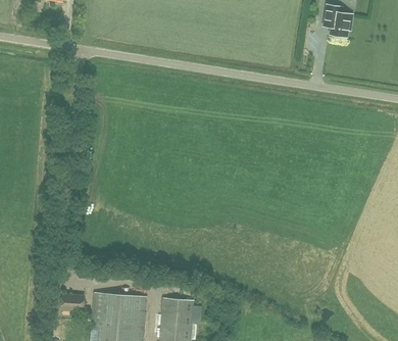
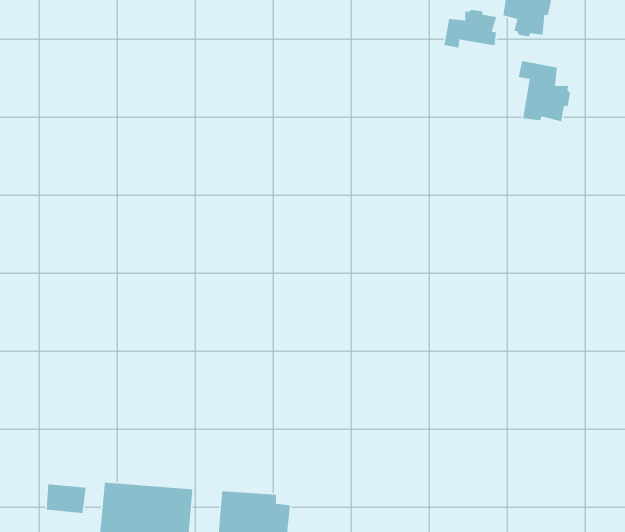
building: none -> [443,9,497,48]
building: none -> [518,60,571,122]

